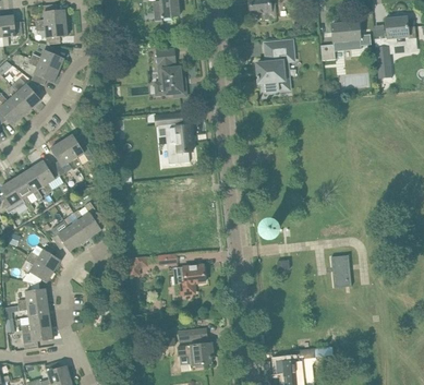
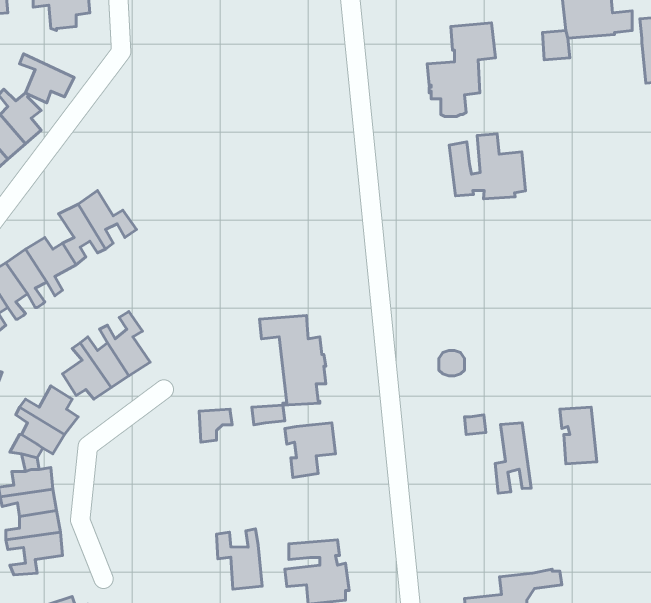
building: [31,44,64,71] -> none
building: [156,48,186,97] -> none
building: none -> [449,134,525,199]
building: [156,113,193,164] -> [260,315,326,405]
building: none -> [495,423,531,493]
building: none -> [217,529,262,589]

